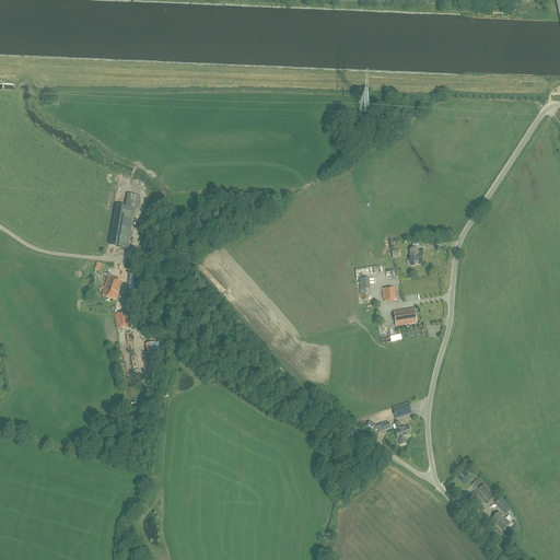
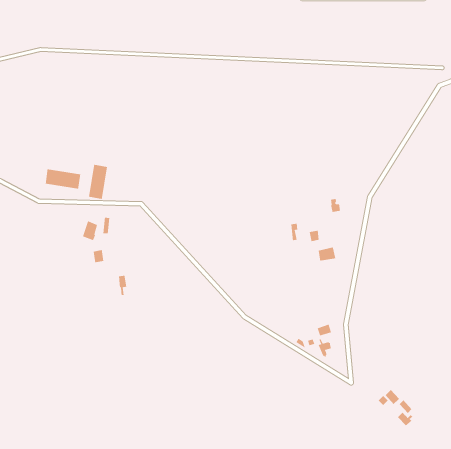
building: none -> [45,168,81,190]

